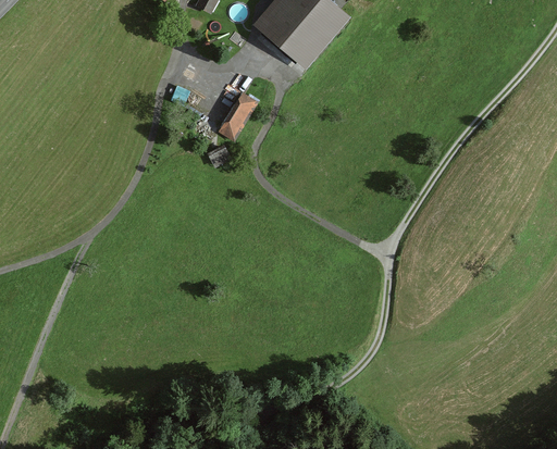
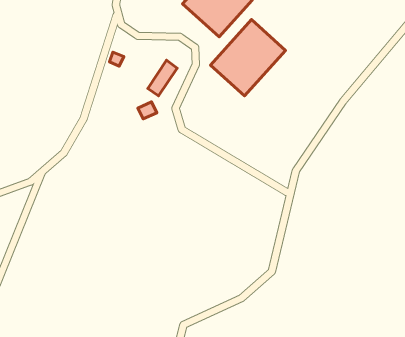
building: none -> [210,20,286,96]

